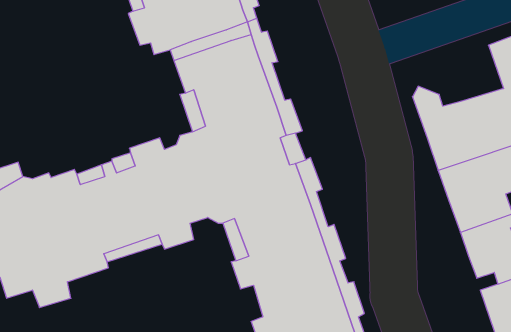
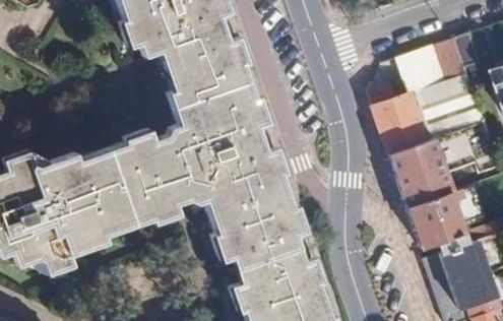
building: none -> [394,46,445,94]

